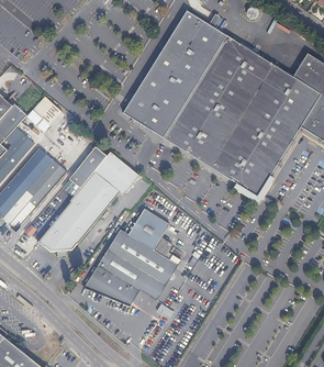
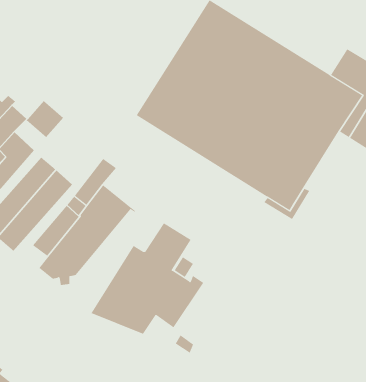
building: [94,154,138,196] -> none

